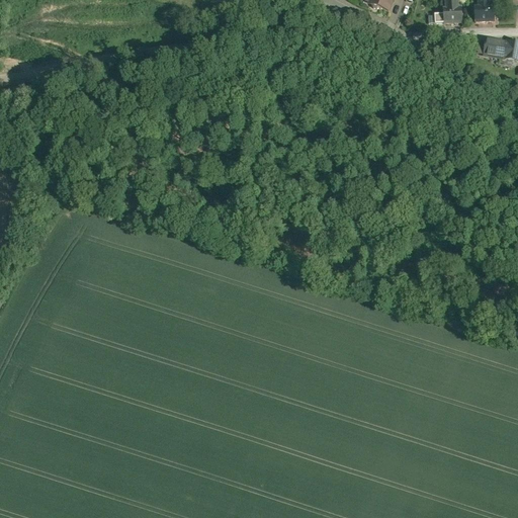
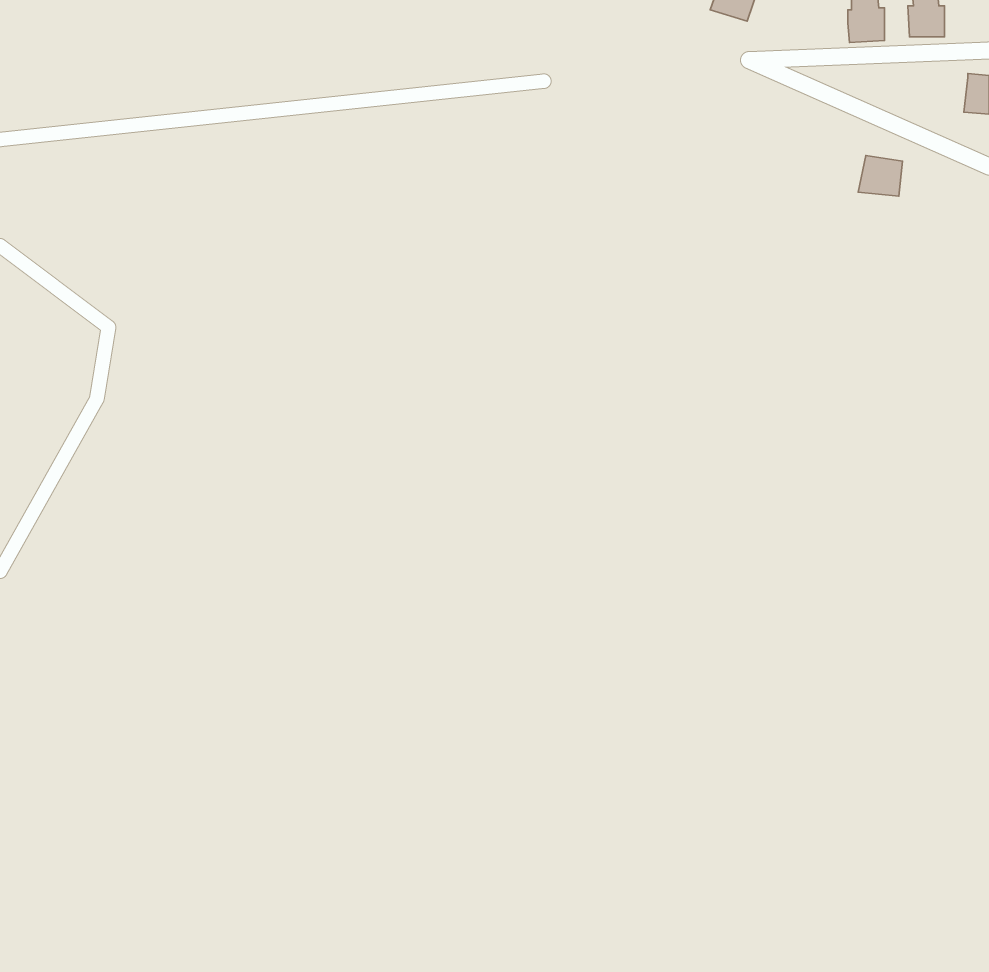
building: [483,37,506,59] -> [858,156,903,196]

